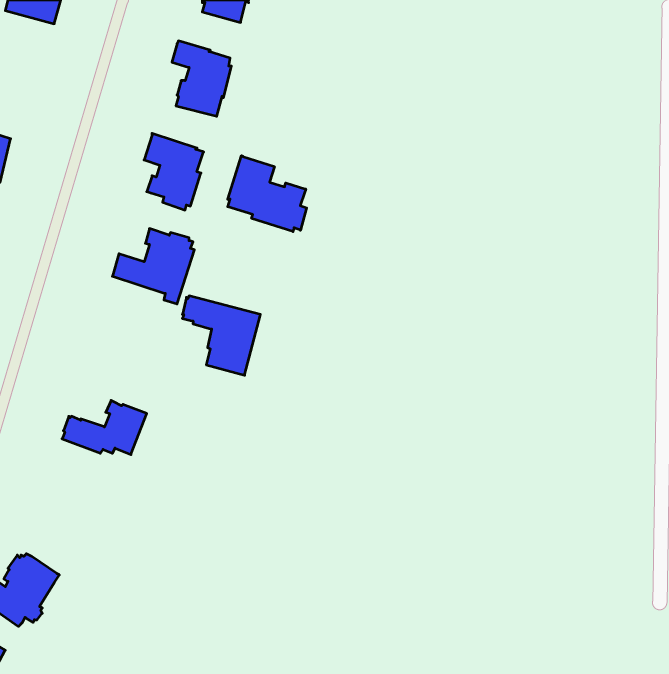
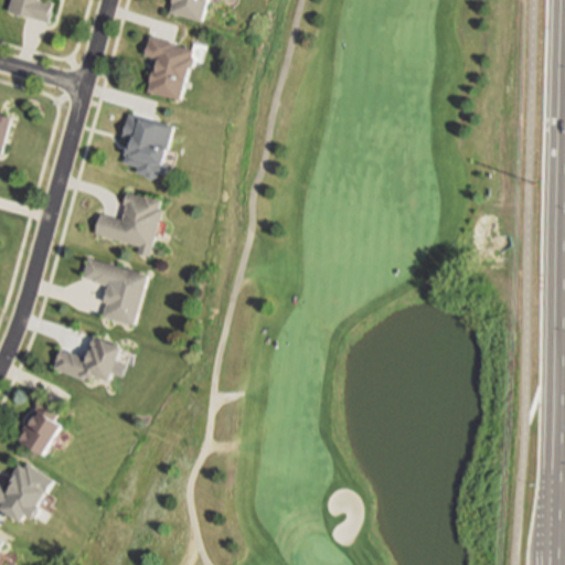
building: [228,156,307,232] -> none
building: [182,296,260,375] -> [82,258,147,324]
building: none -> [18,395,61,455]

